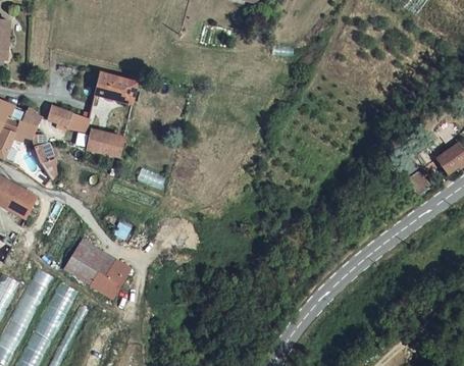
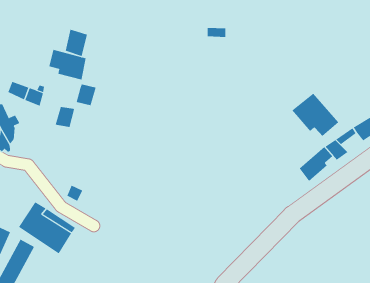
building: none -> [65,29,88,57]
building: none -> [291,93,339,137]
building: [85,129,108,154] -> [76,84,97,106]
building: none -> [299,146,333,182]

